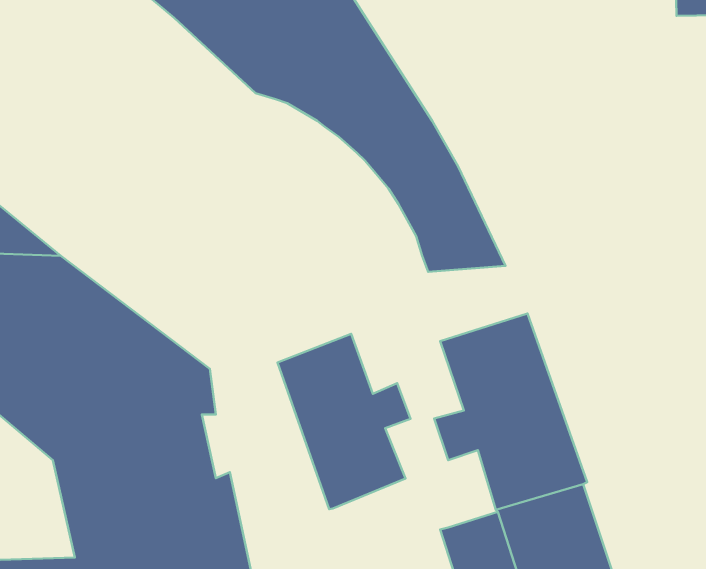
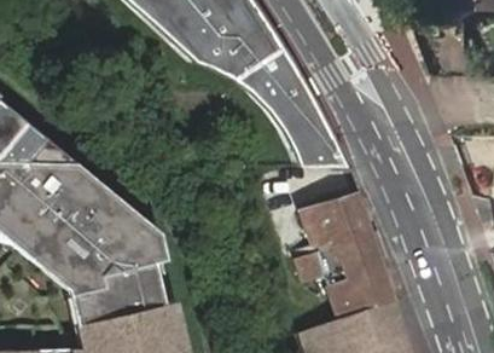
building: [277,334,411,509] -> none

